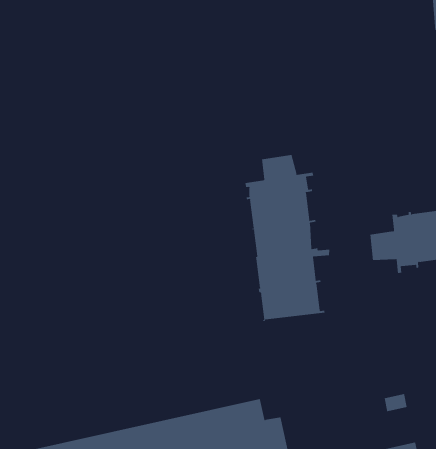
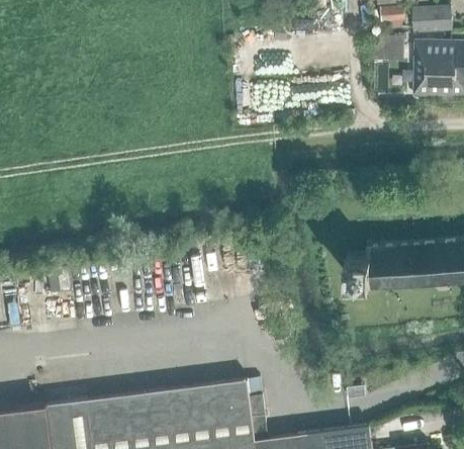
building: [245,154,330,322] -> none

